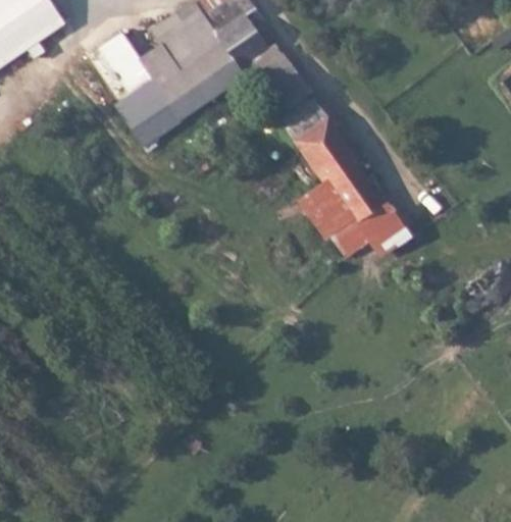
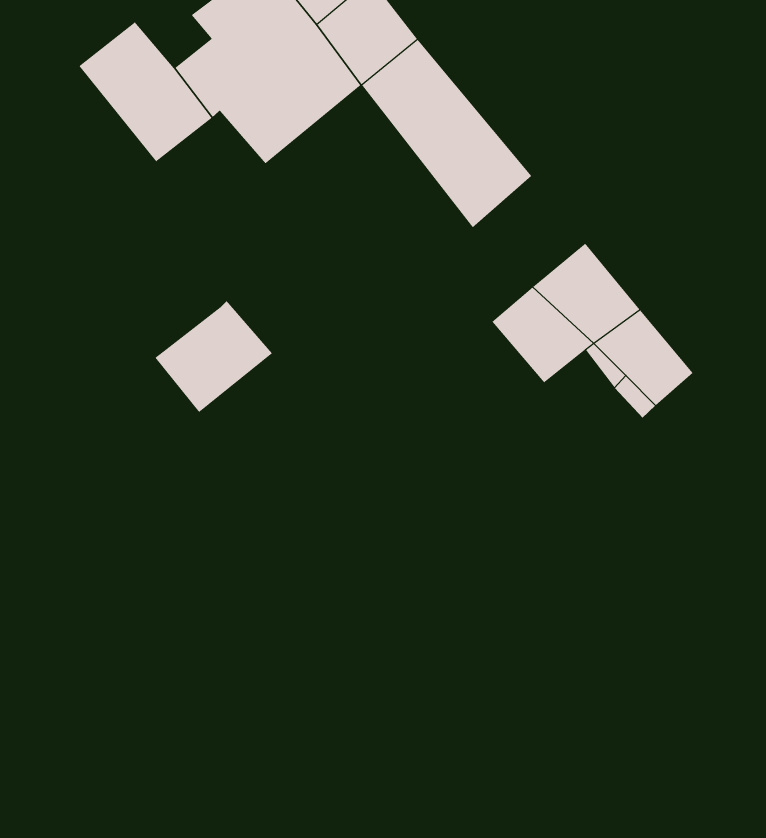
building: [131,79,195,138] -> [155,300,273,413]
building: [303,134,363,194] -> none

